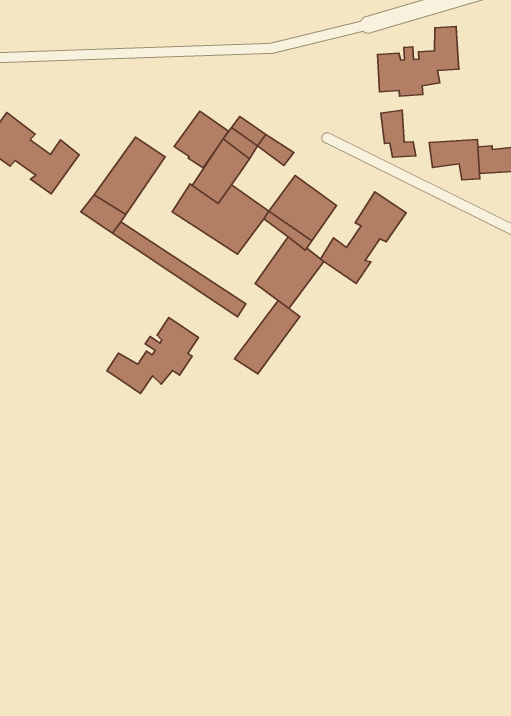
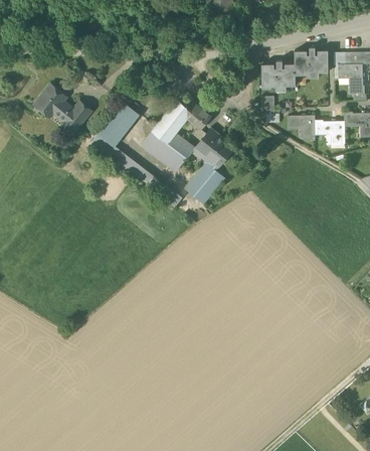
building: none -> [307,48,328,76]
building: [174,111,229,168] -> none
building: [320,192,406,284] -> none
building: [234,301,300,374] -> none
building: [107,318,199,393] -> none

